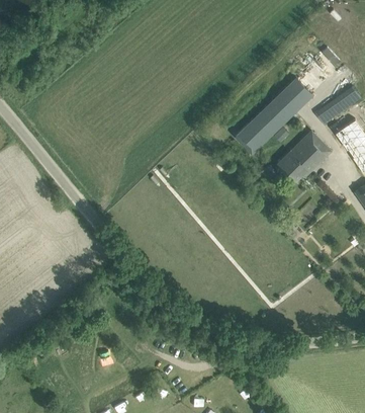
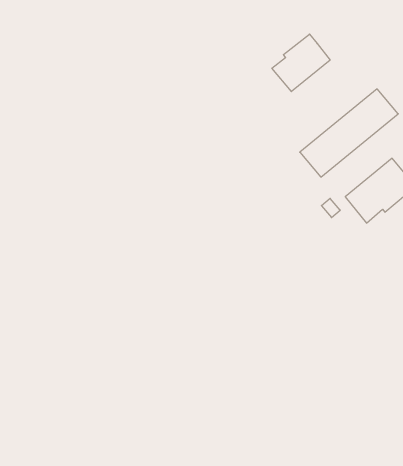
building: none -> [272,34,330,92]

